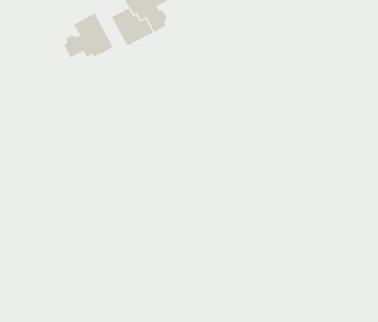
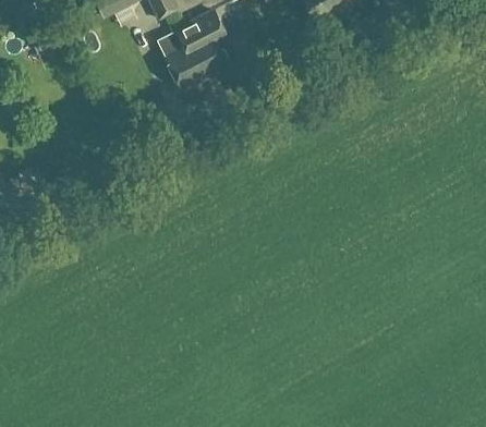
building: [63,12,113,58] -> none

